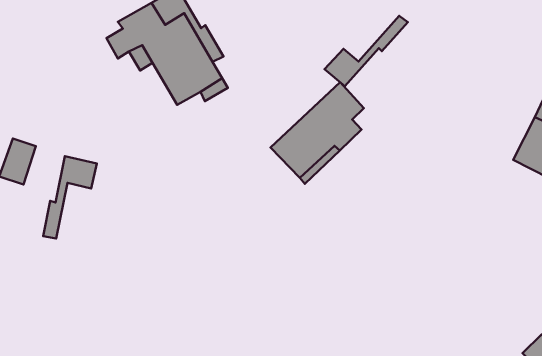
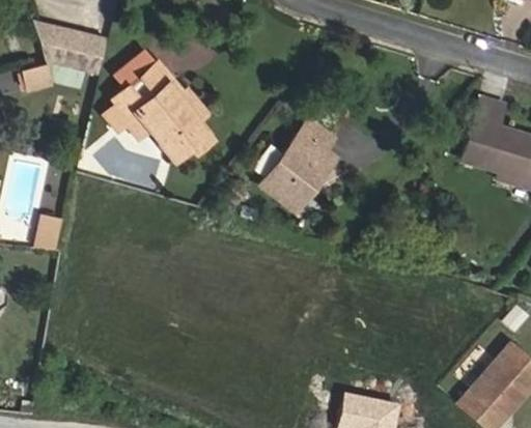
building: [324,16,408,86] -> none
building: [43,156,97,238] -> none

